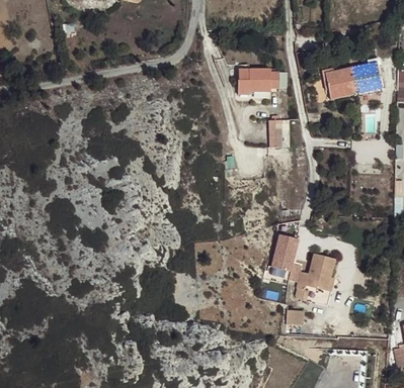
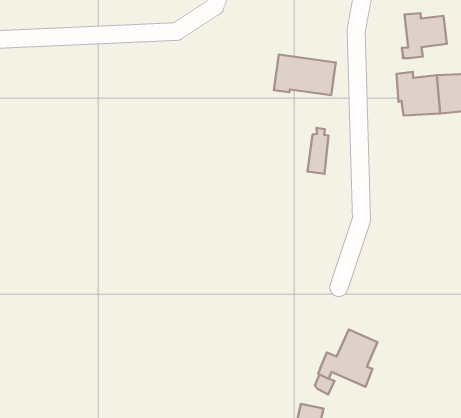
building: none -> [402,13,447,58]
building: [270,235,301,283] -> none

